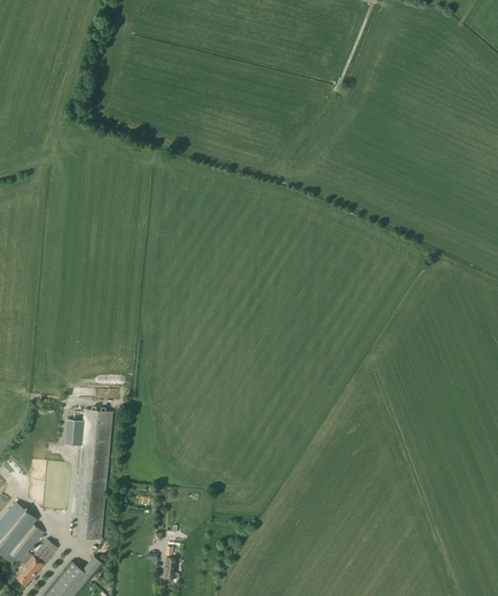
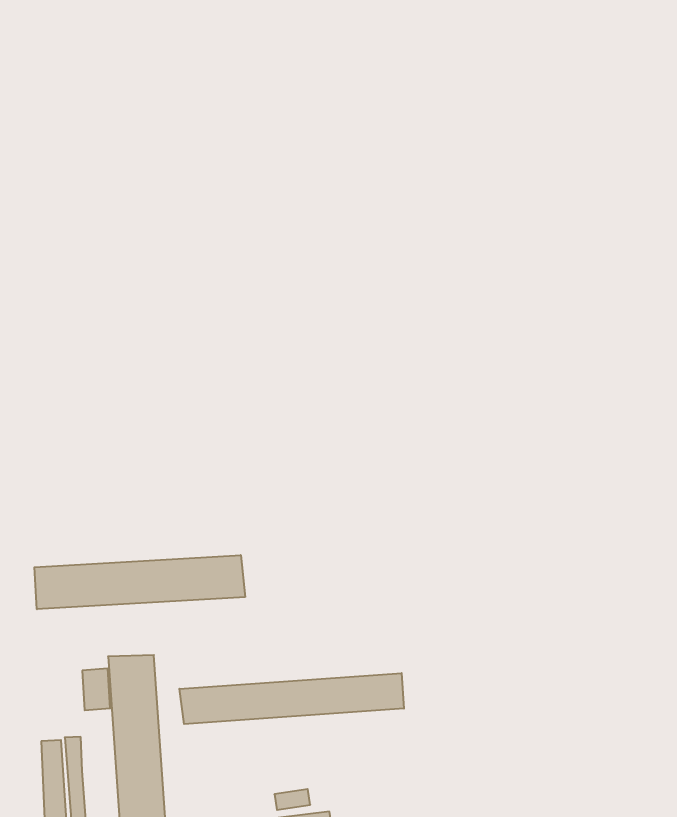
building: none -> [34,555,245,609]
building: none -> [179,673,404,724]

